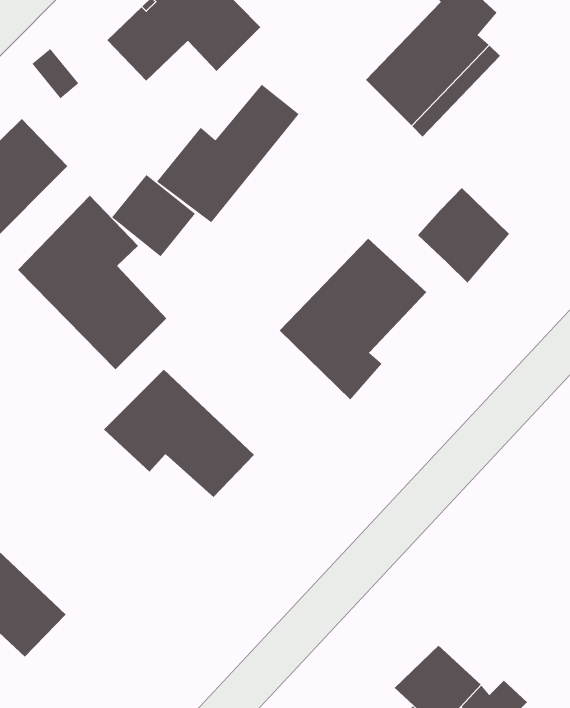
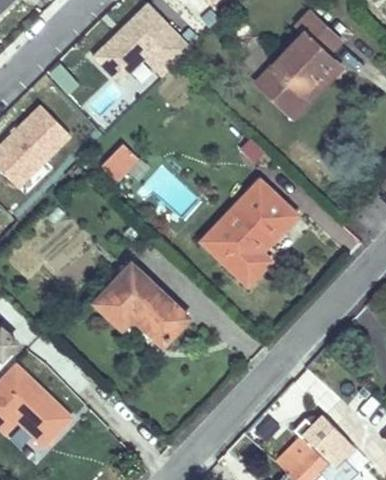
building: [156,84,300,223] -> none
building: [417,187,510,283] -> none
building: [17,195,167,370] -> none
building: none -> [302,413,355,466]

